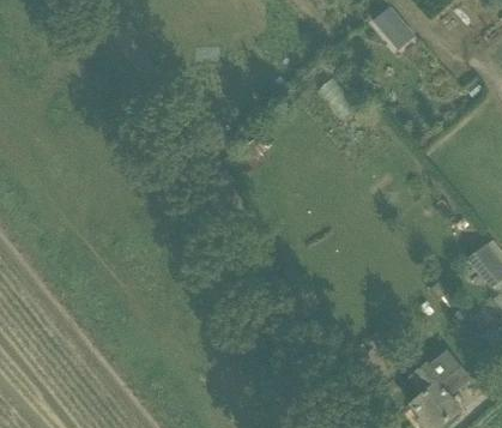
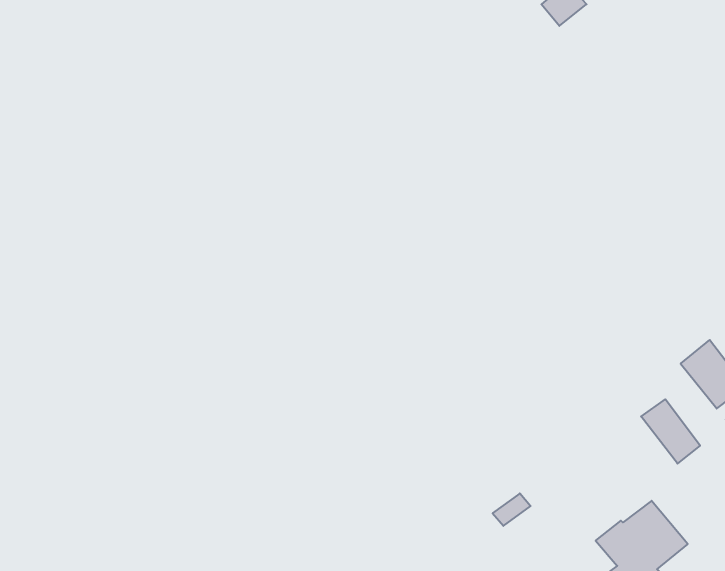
building: none -> [641,399,700,464]

